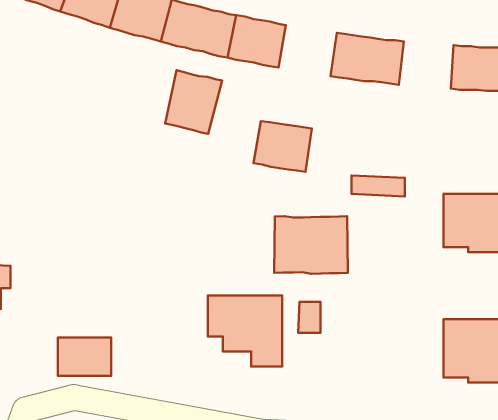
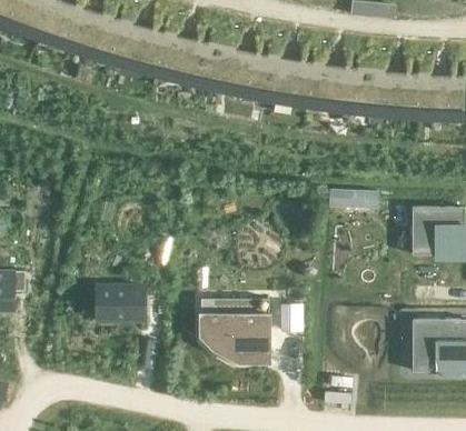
building: none -> [370,72,419,114]
building: [165,70,222,134] -> none
building: [254,121,312,172] -> [262,58,315,103]
building: [274,216,348,274] -> none
building: [58,337,111,376] -> [95,288,142,322]

